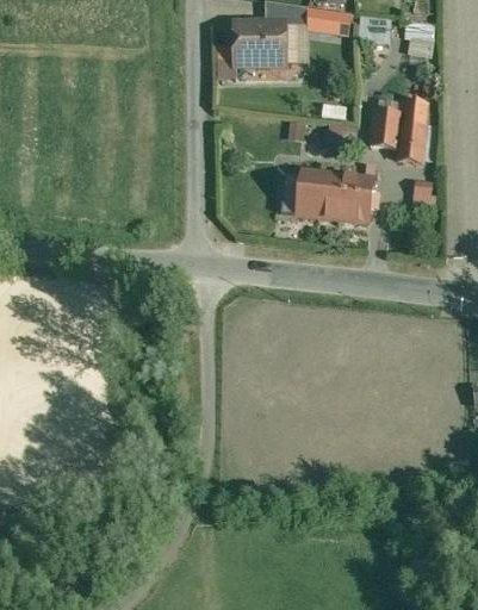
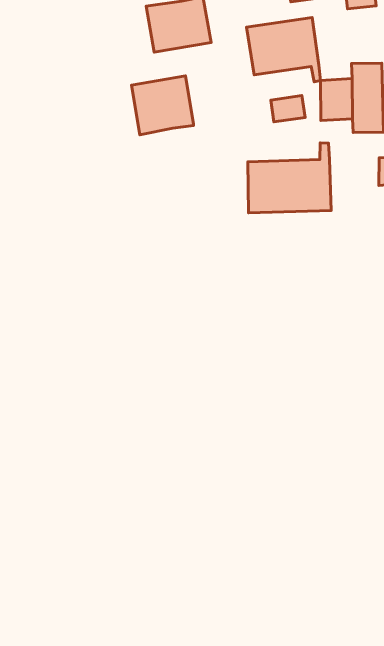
building: none -> [246,17,321,82]
building: none -> [131,76,194,135]

